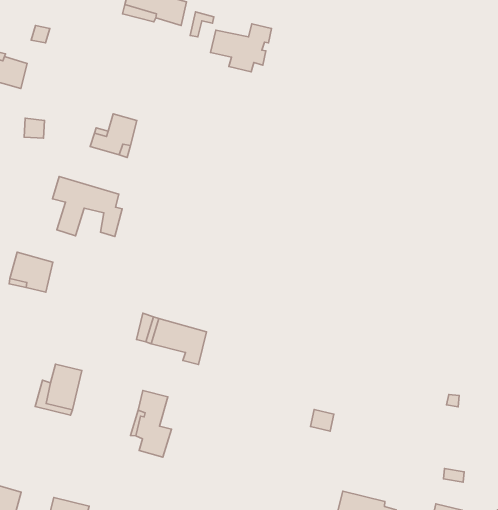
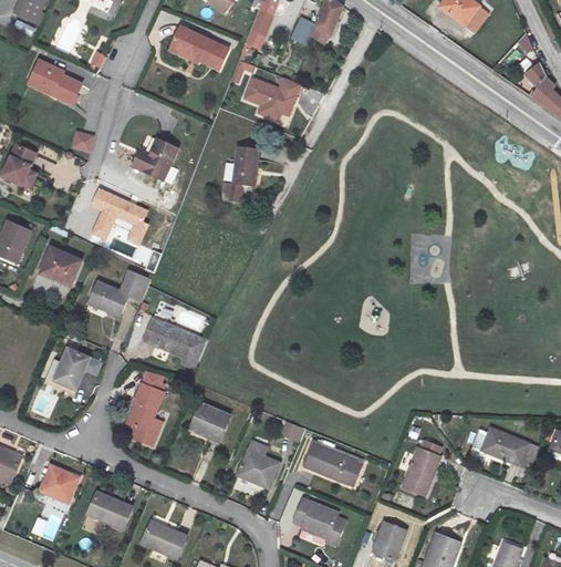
building: none -> [221,145,253,198]
building: none -> [86,271,144,318]
building: none -> [189,402,229,444]
building: none -> [405,449,443,496]
building: none -> [307,446,357,485]
building: none -> [238,442,280,487]

